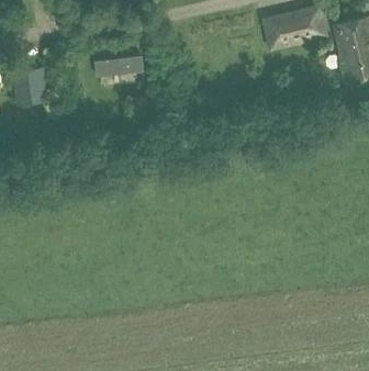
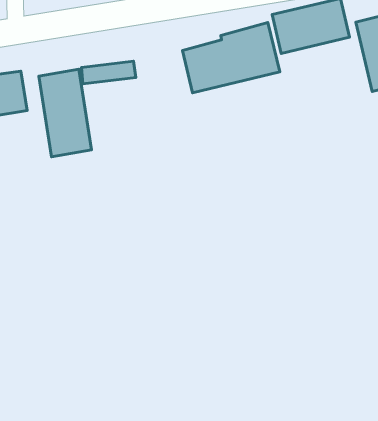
building: none -> [183,23,280,93]
building: none -> [39,69,91,157]

